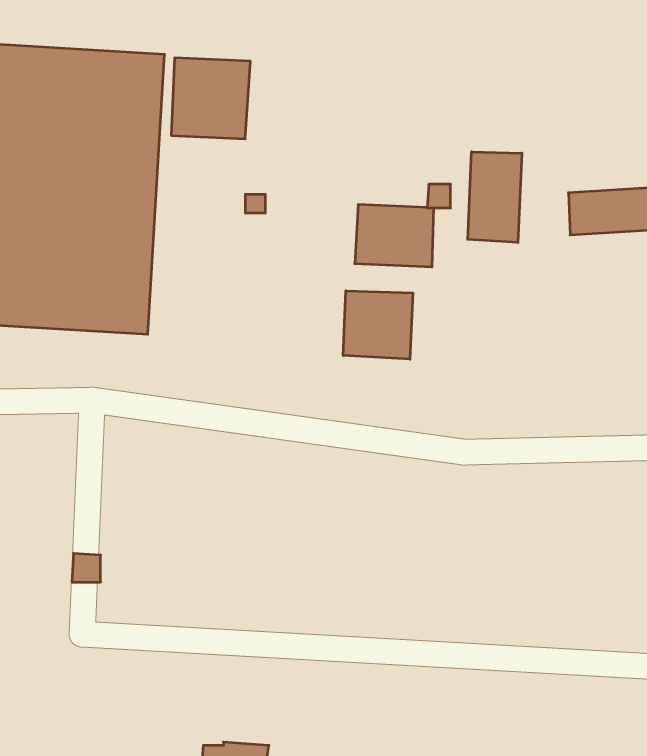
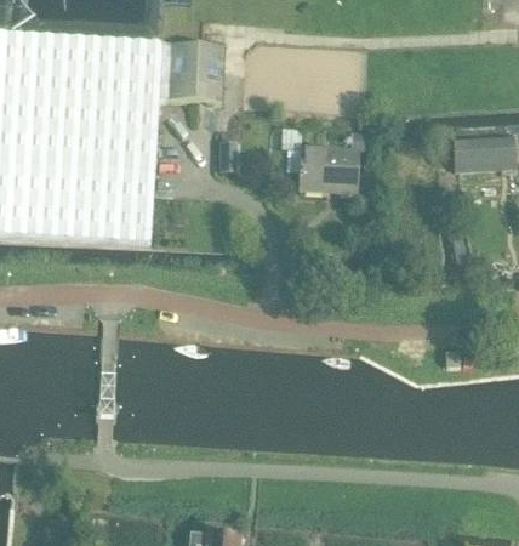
building: [468,152,522,243] -> none
building: [343,291,413,359] -> none

